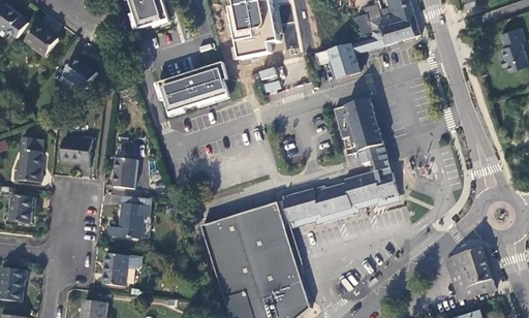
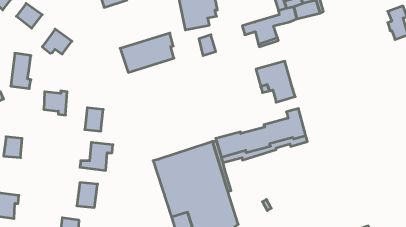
building: [14,137,40,183] -> [11,53,31,89]
building: [359,144,387,164] -> none
building: [446,246,495,298] -> none

